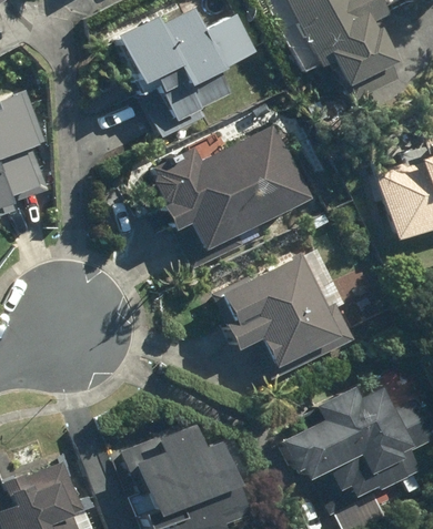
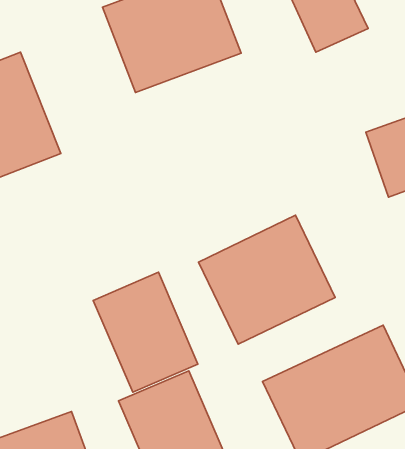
building: [158,129,304,252] -> none
building: none -> [93,272,198,392]

